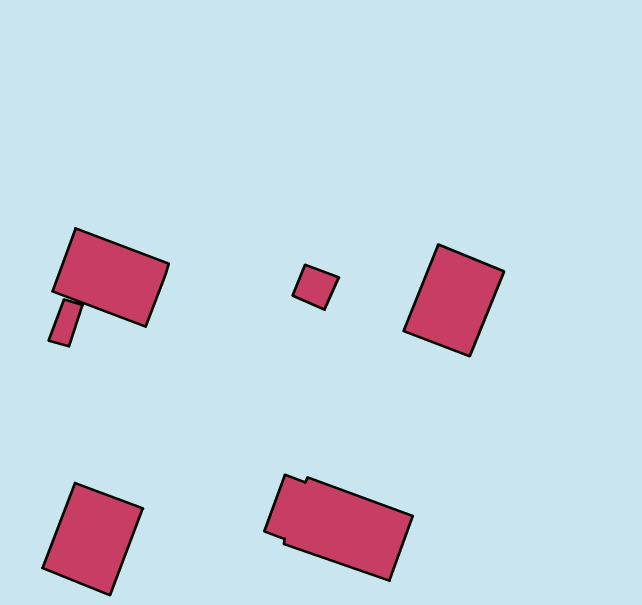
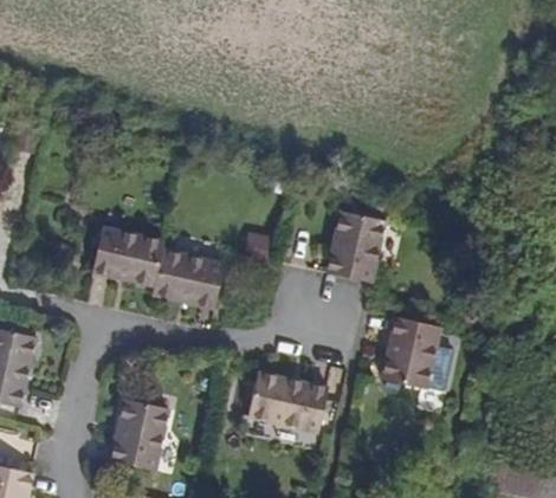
building: none -> [149,250,222,312]
building: none -> [394,322,455,399]

